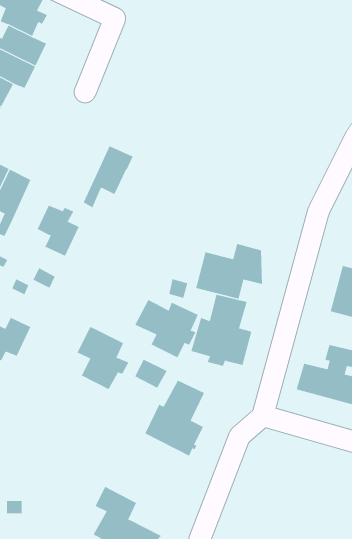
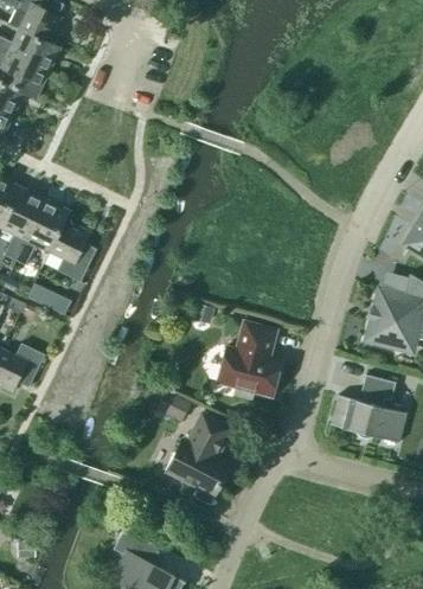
building: [83,145,133,208] -> [15,197,70,264]
building: [195,243,263,300] -> none
building: [135,299,199,358] -> none
building: [77,326,129,390] -> none

